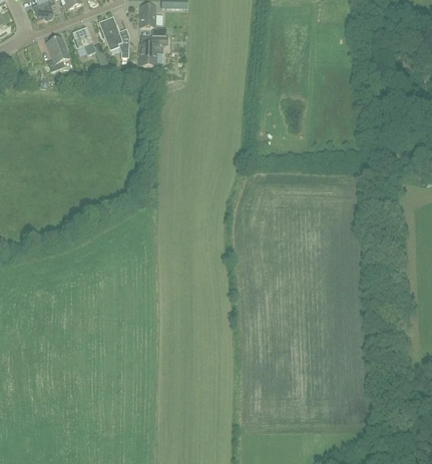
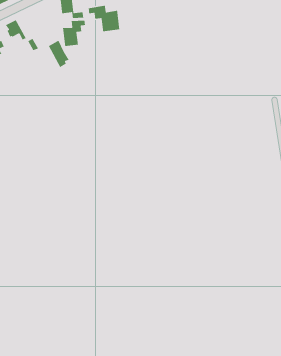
building: [99,15,123,49] -> [48,39,70,68]
building: none -> [88,5,120,32]

